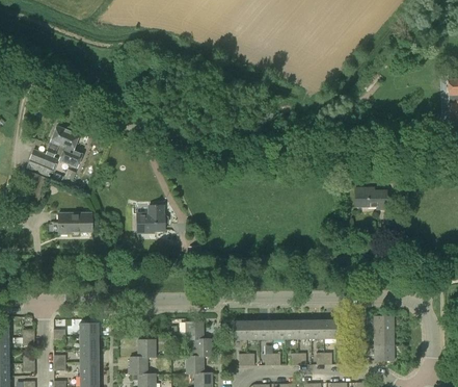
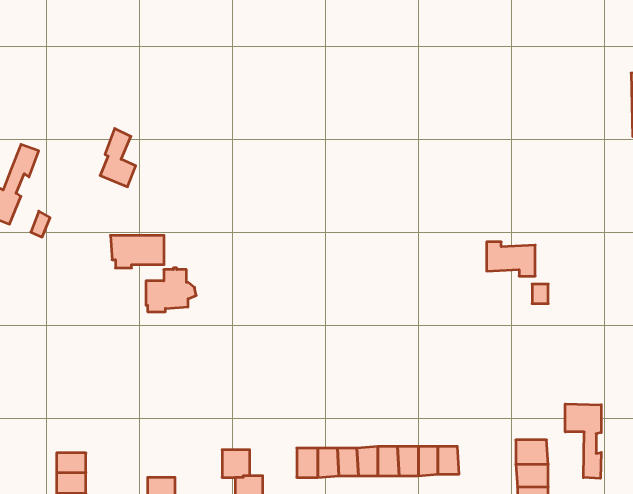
building: [59,130,82,167] -> [100,128,136,187]
building: [58,213,92,234] -> [110,235,164,268]
building: none -> [565,404,601,478]

